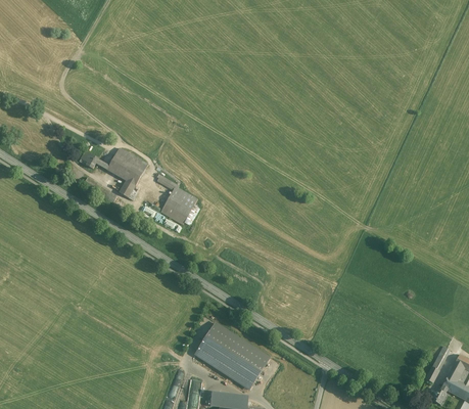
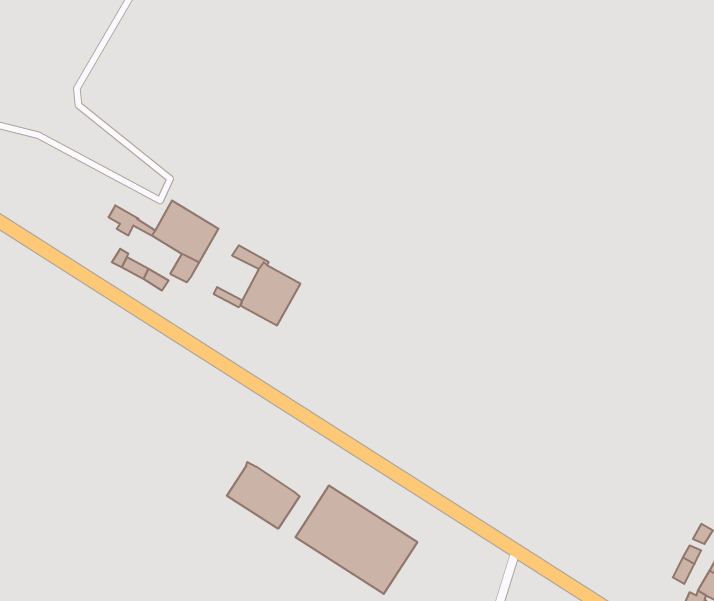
building: none -> [227,462,300,529]

